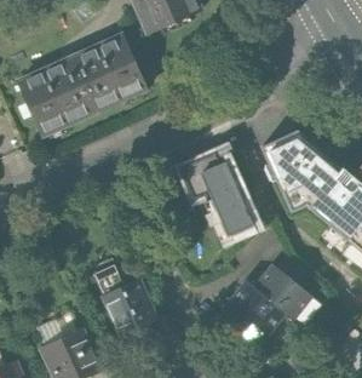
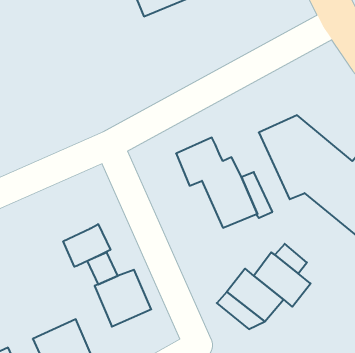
building: [17,34,146,134] -> none
building: none -> [63,224,110,267]

